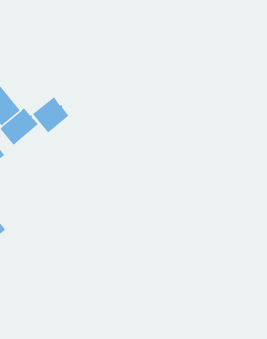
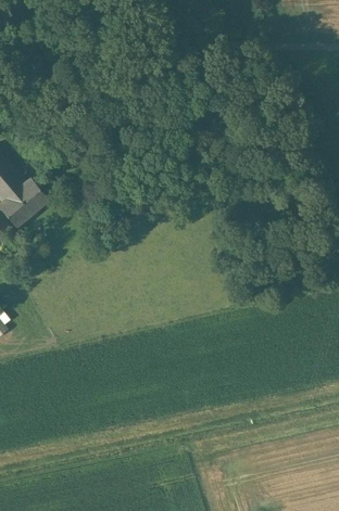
building: [31,96,70,134] -> none

